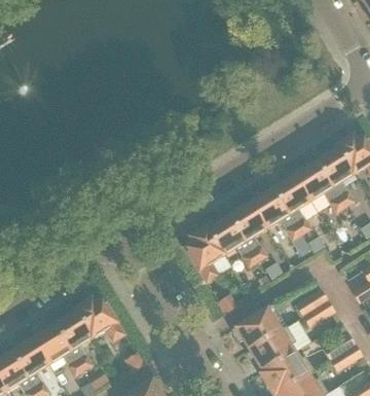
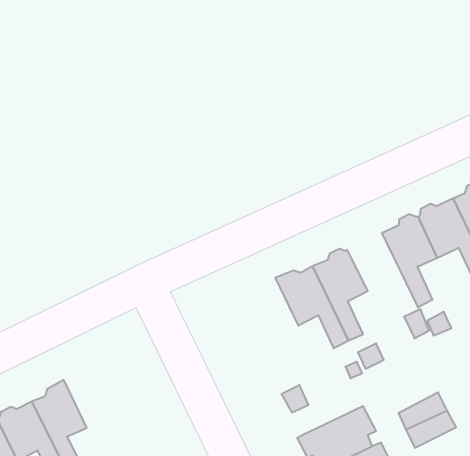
building: [252,189,302,241] -> none
building: [185,226,225,284] -> none
building: [75,298,126,343] -> none

